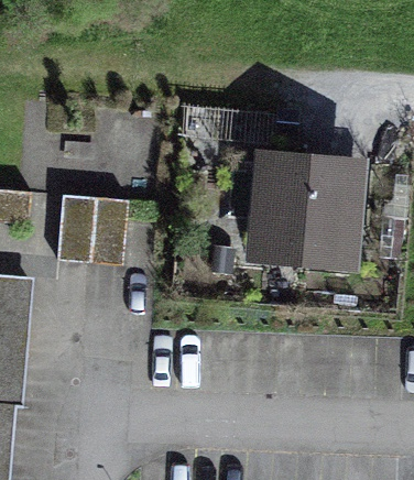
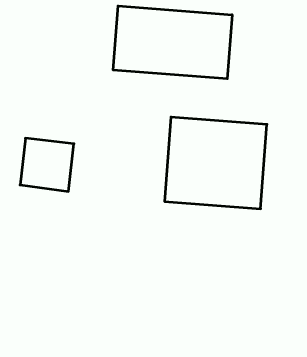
building: none -> [113,6,232,79]

